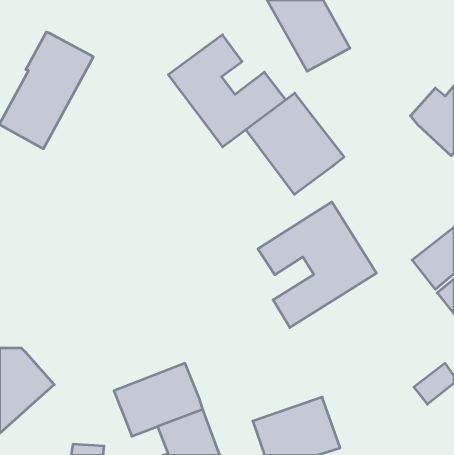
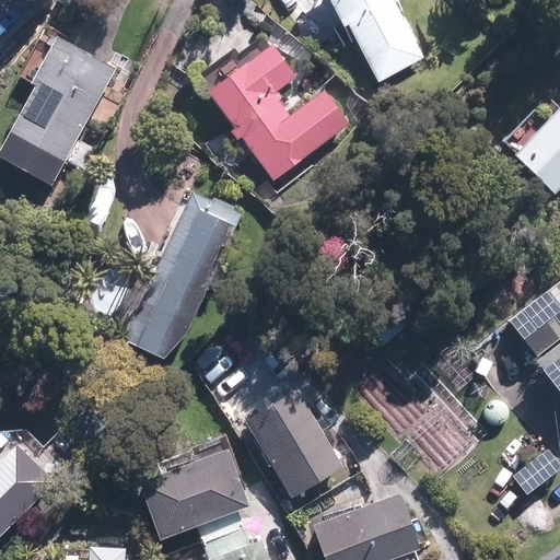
building: [246,93,344,194] -> none
building: none -> [122,186,256,358]
building: [258,202,376,328] -> none
building: none -> [245,381,345,499]

